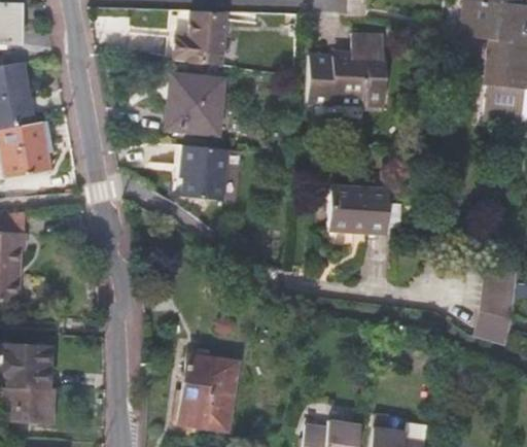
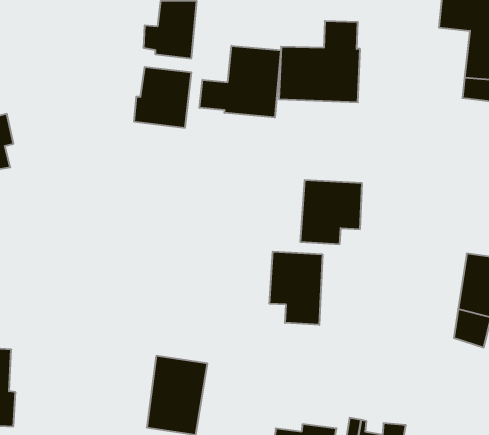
building: none -> [200,46,281,118]
building: [183,146,227,202] -> none
building: none -> [269,252,322,325]

